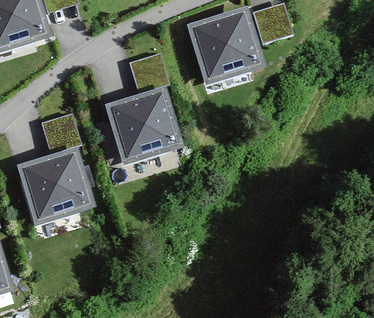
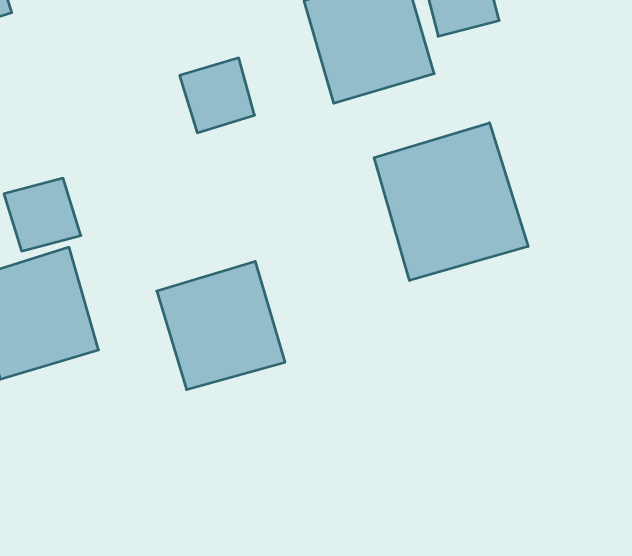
building: none -> [374,123,528,281]
building: [109,94,174,159] -> [157,261,285,390]

